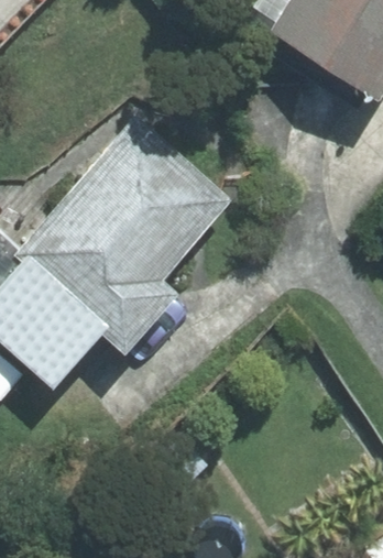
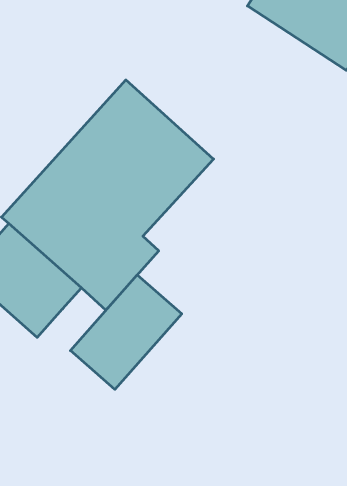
building: none -> [70,275,182,389]

